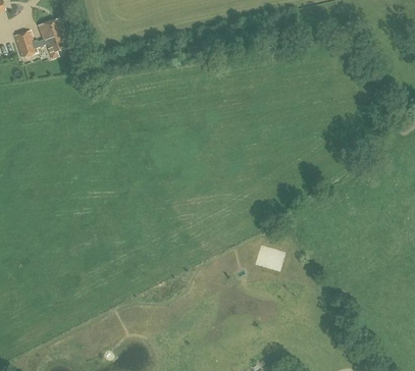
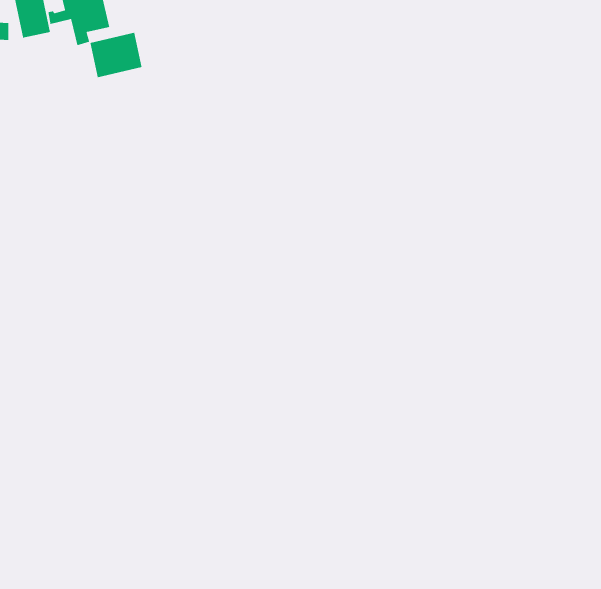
building: none -> [89,32,143,78]

